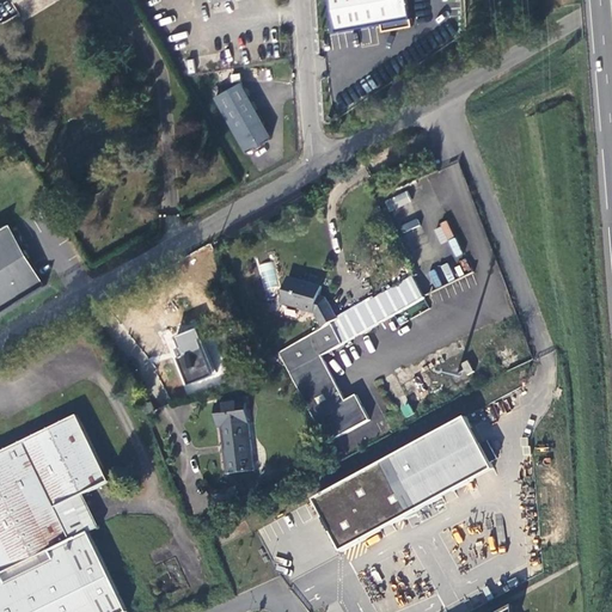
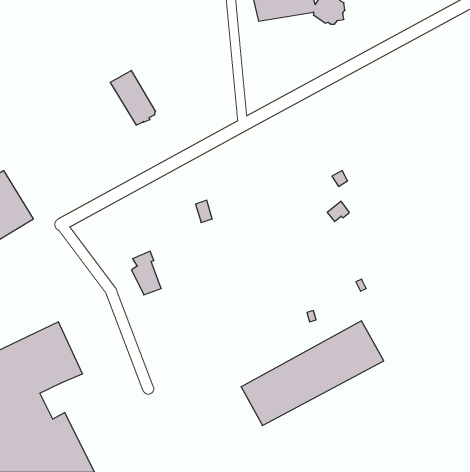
building: [210,79,269,149] -> [110,70,156,125]
building: [274,275,421,442] -> none
building: [212,399,249,472] -> none
building: [51,494,94,540] -> none

